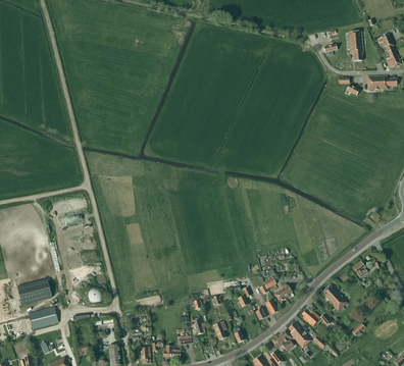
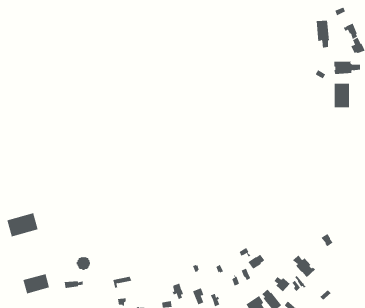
building: none -> [334,83,349,108]
building: [16,278,51,305] -> [7,213,38,237]

